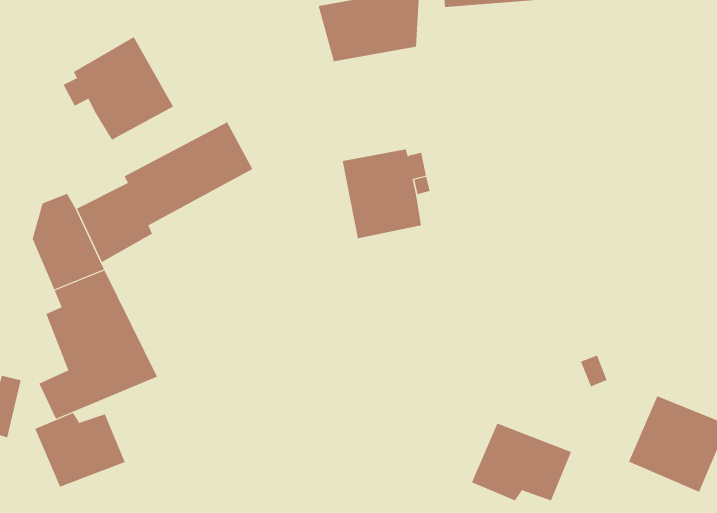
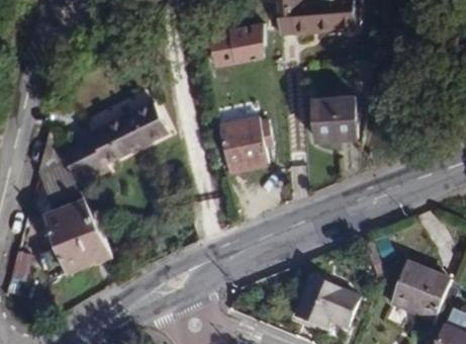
building: [63,36,174,141] -> none
building: none -> [314,97,355,141]
building: [34,412,125,488] -> none

